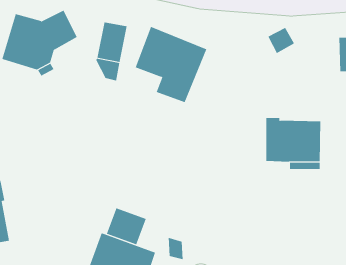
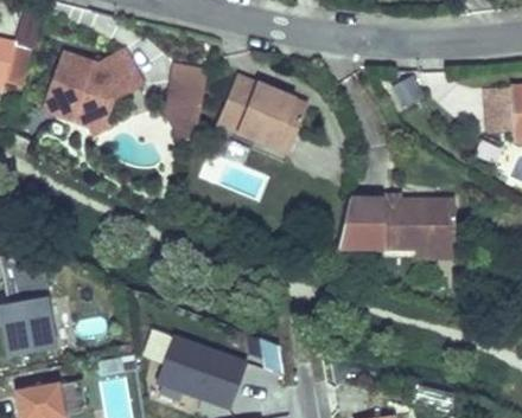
building: none -> [338,191,388,247]
building: [106,207,146,245] -> none

